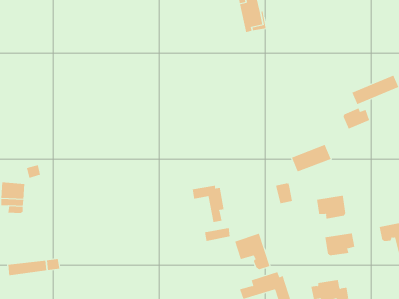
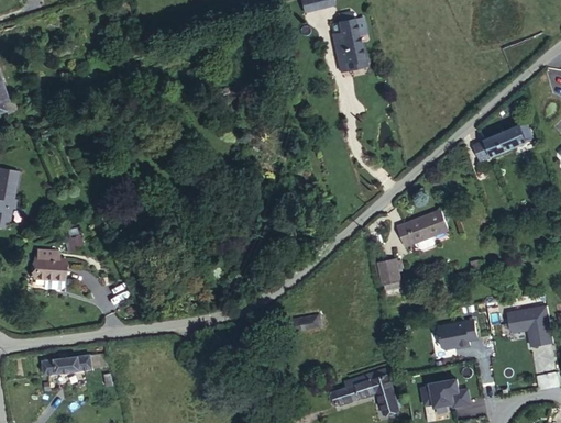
building: [343,108,370,130] -> none
building: [192,185,224,223] -> none
building: [317,195,346,219] -> none
building: [235,233,270,270] -> none

